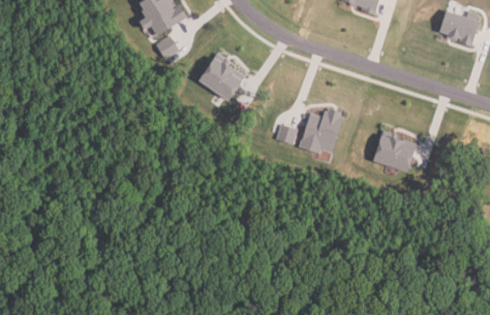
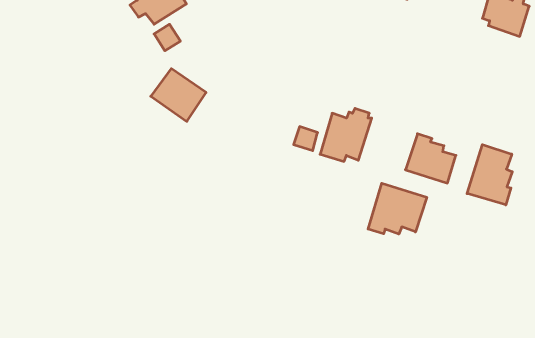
building: [200,55,247,100] -> [151,69,206,121]
building: none -> [467,145,512,205]
building: none -> [368,183,427,234]

